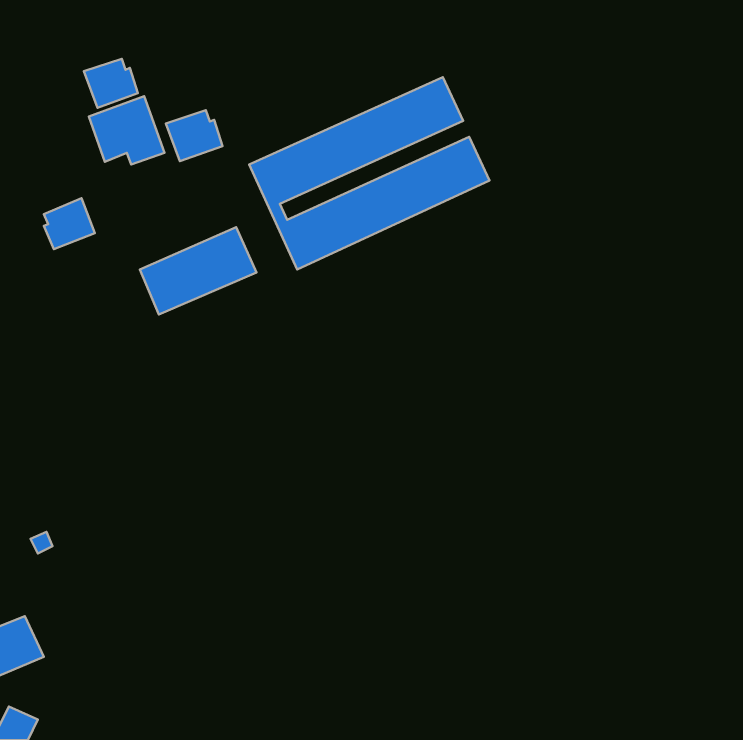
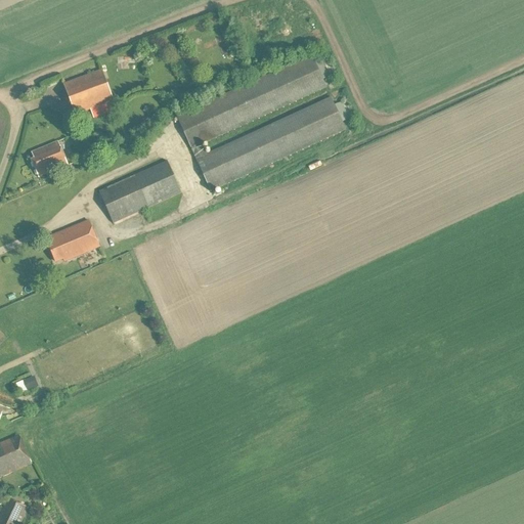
building: [84,59,138,108] -> none
building: [166,110,222,161] -> none
building: none -> [45,219,98,260]

